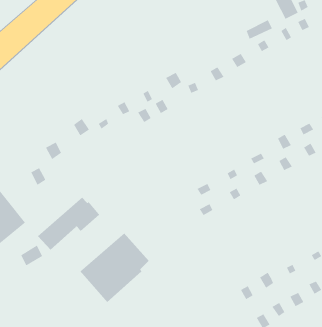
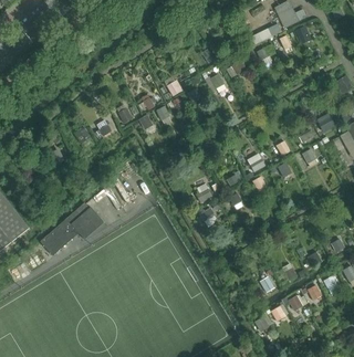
building: [80,232,149,303] -> none

